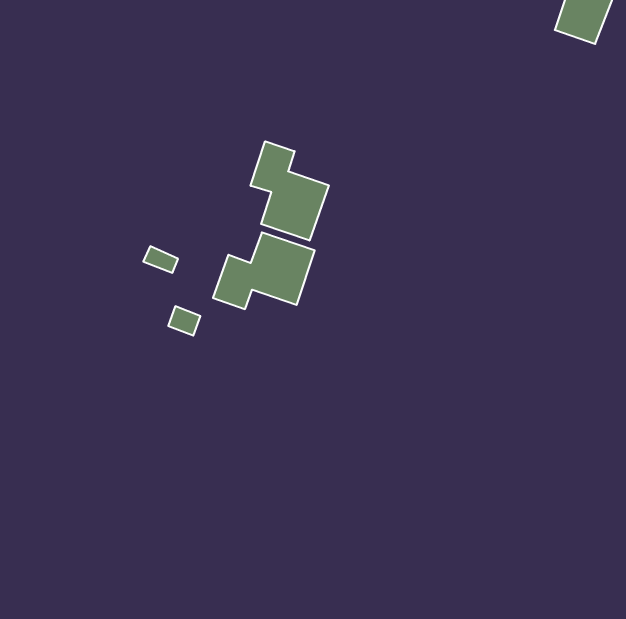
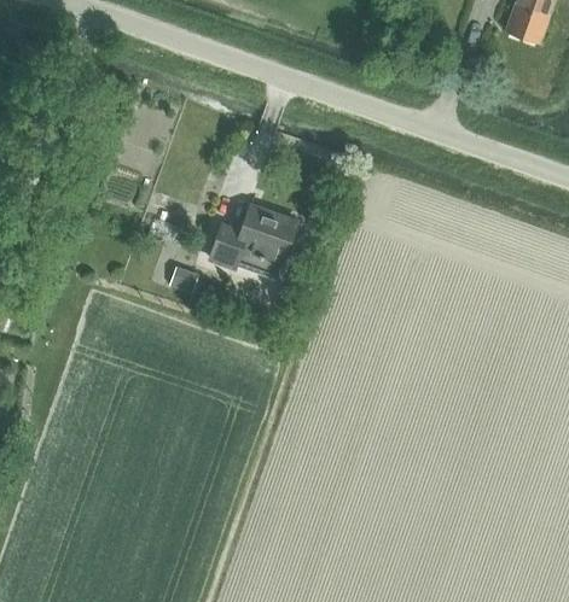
building: [251,141,329,241] -> none

